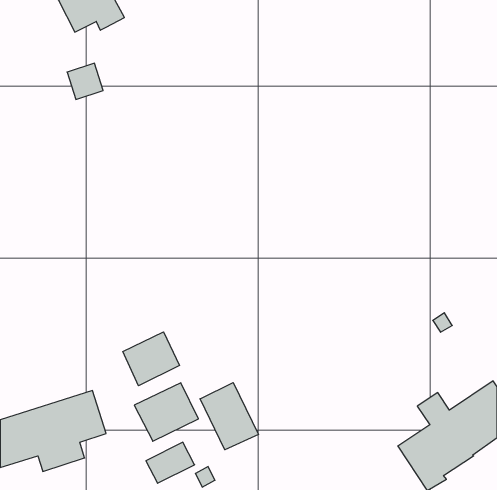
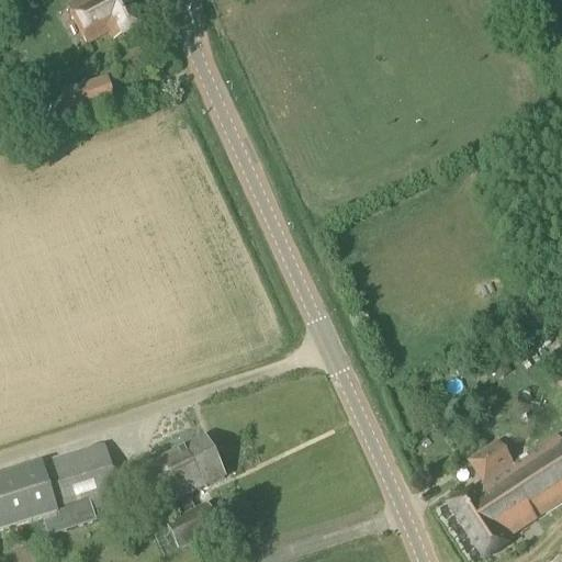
building: [123,332,180,386] -> none
building: [200,383,259,450] -> none

